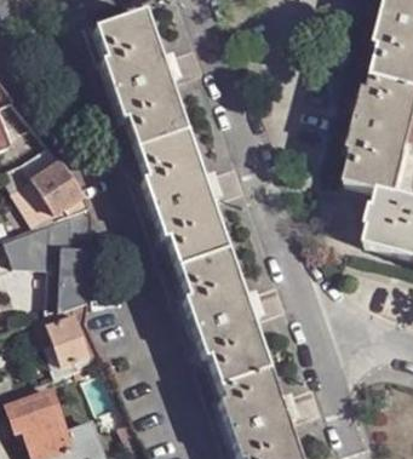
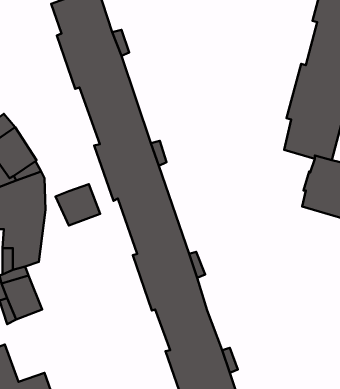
building: none -> [55,184,100,226]

